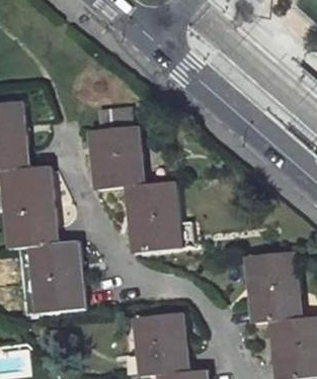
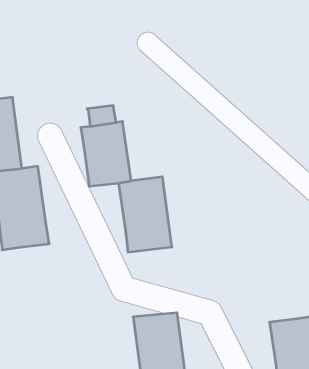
building: [33,243,85,312] -> none
building: [246,251,296,323] -> none

